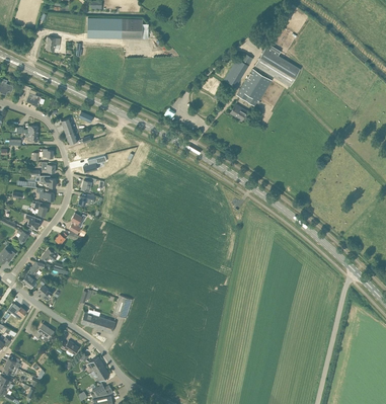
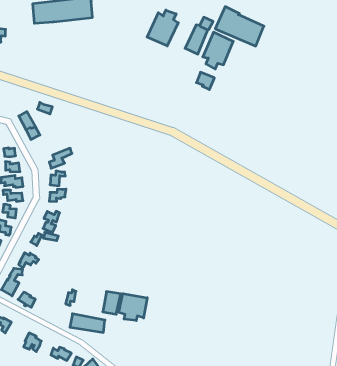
building: none -> [147,10,178,46]
building: none -> [119,294,147,321]

